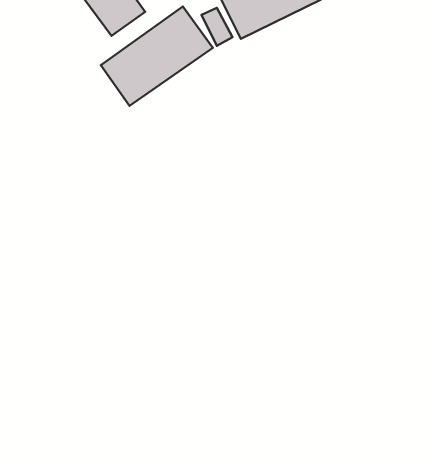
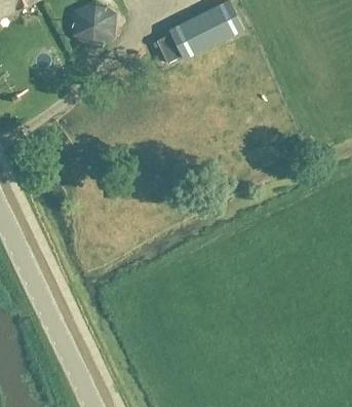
building: [101,6,213,106] -> none

